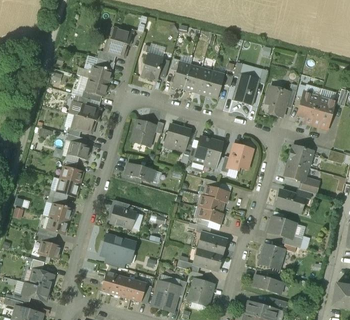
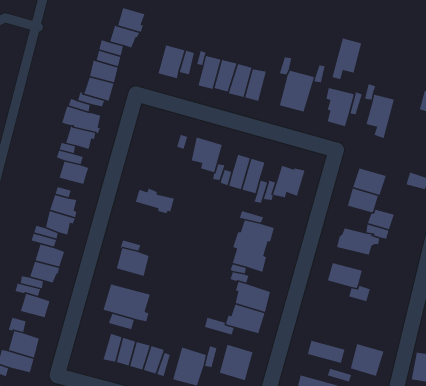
building: [311,95,334,127] -> [332,38,362,80]
building: [132,119,154,145] -> none
building: [258,244,284,269] -> [350,343,385,377]

